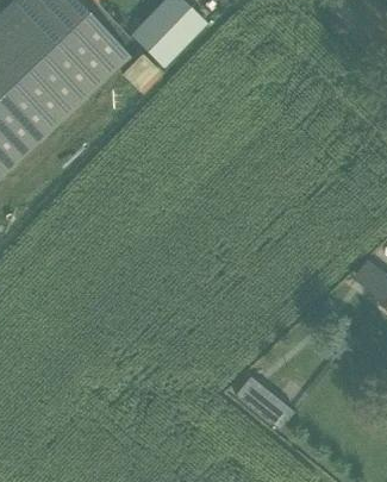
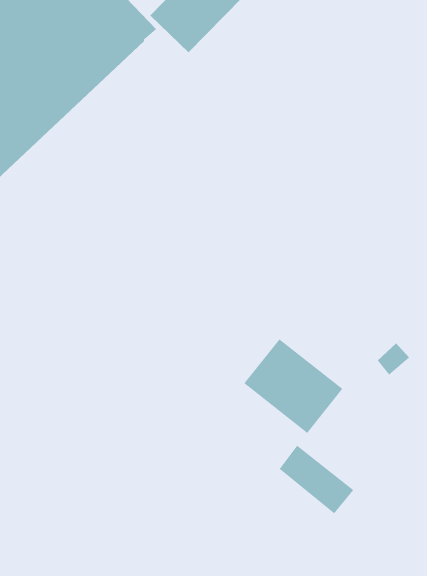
building: none -> [244,338,343,434]

